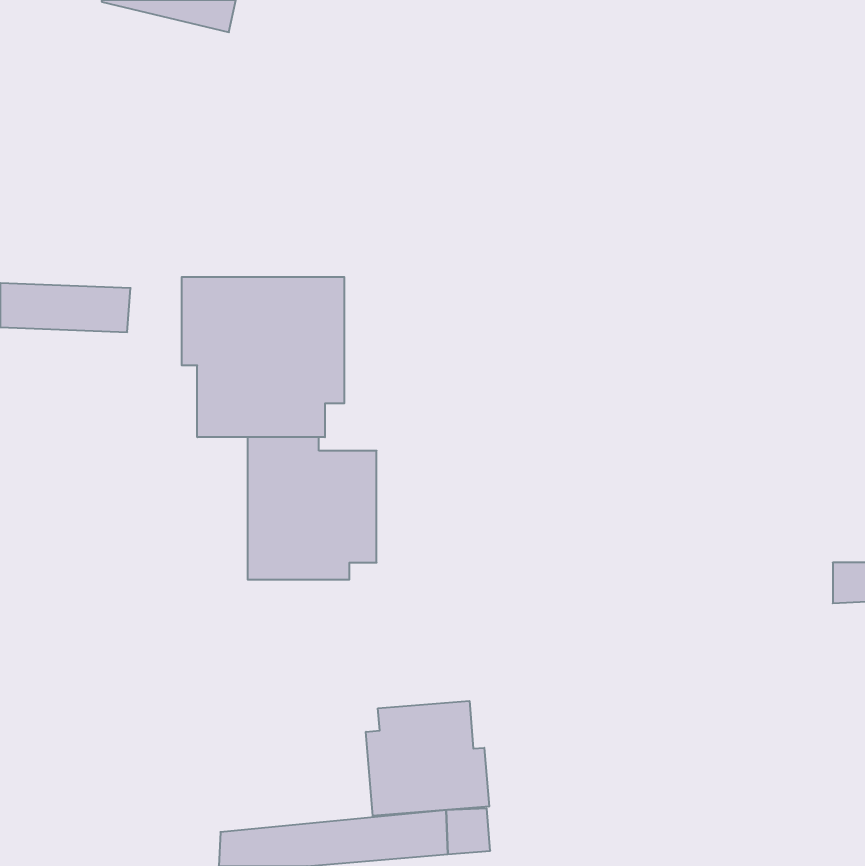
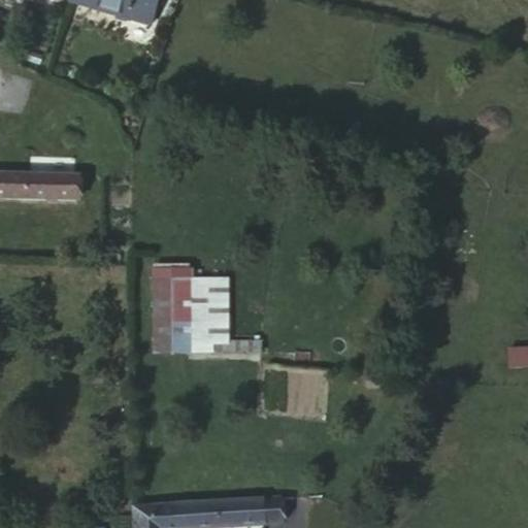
building: [182,277,344,437] -> none
building: [366,701,489,816] -> none

